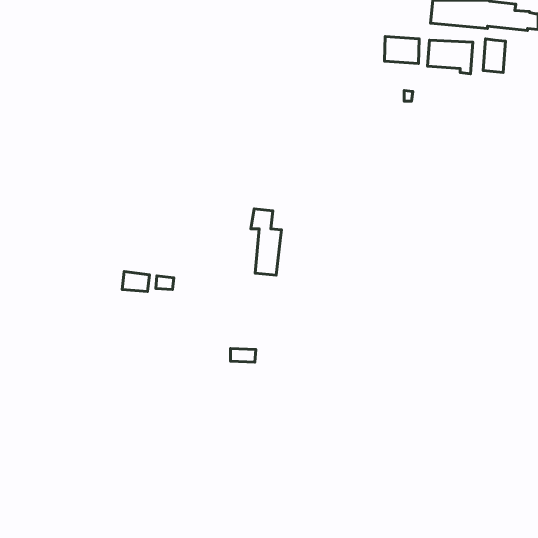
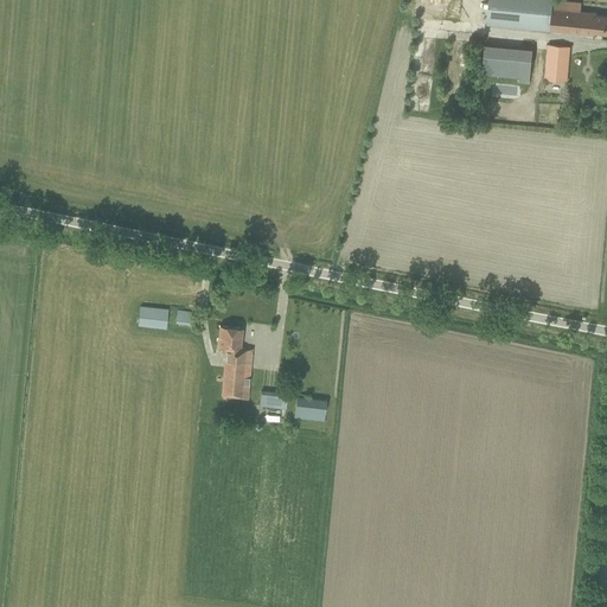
building: [385,36,419,63] -> none
building: [251,209,281,275] -> [217,325,251,400]
building: none -> [294,396,326,421]

